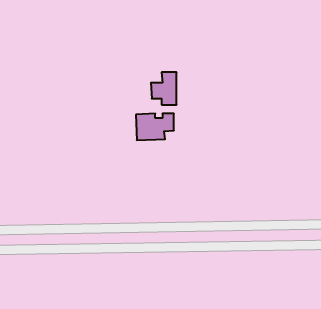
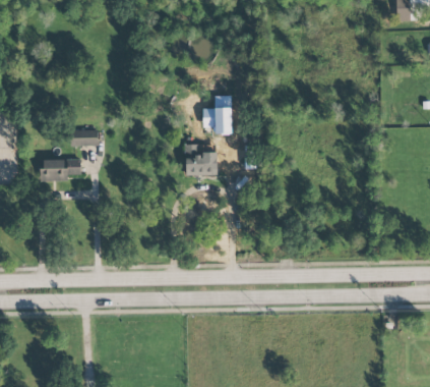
building: none -> [69,129,98,146]
building: none -> [39,159,80,181]

